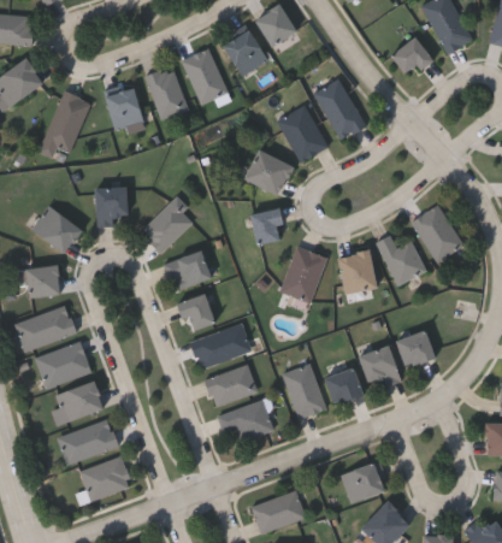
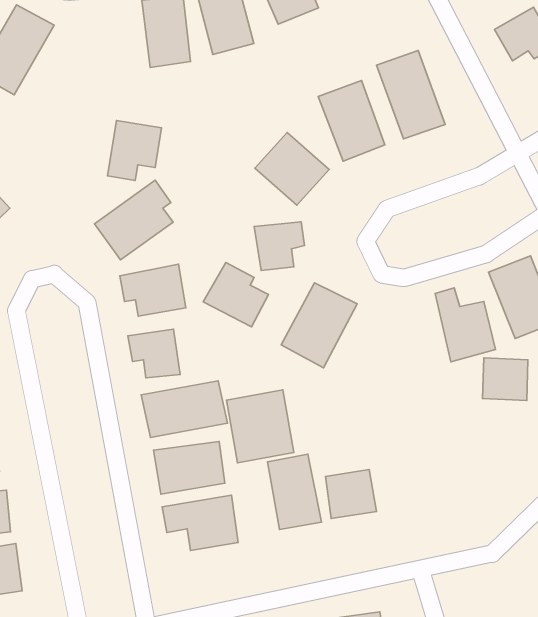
building: [105,88,142,130] -> none
building: [95,188,126,226] -> [108,120,162,180]
building: none -> [203,263,268,327]
building: [336,250,377,295] -> none
building: none -> [226,390,294,463]
building: [397,334,431,365] -> [483,358,528,400]
building: [358,346,401,388] -> none

